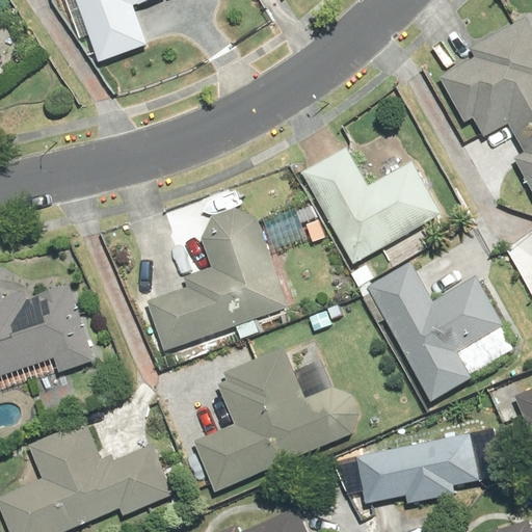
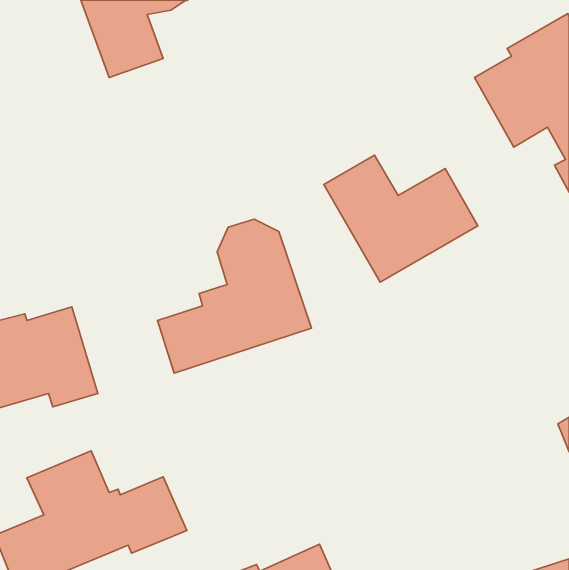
building: [366,260,505,400] -> none
building: [193,347,361,493] -> none
building: [356,435,478,504] -> none

